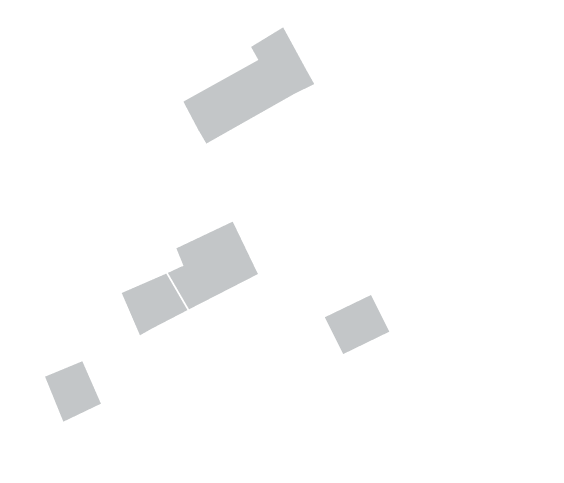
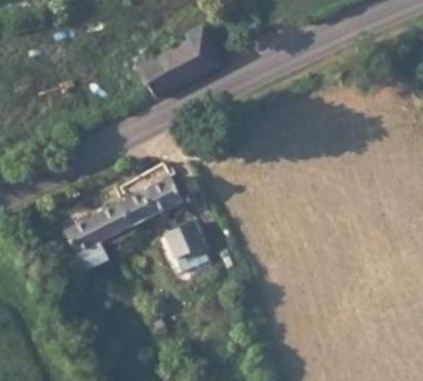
building: [324,294,390,355] -> [163,222,210,265]
building: [44,361,102,423] -> [60,213,101,257]

